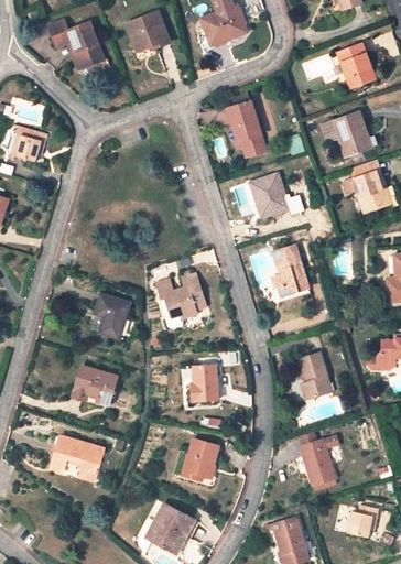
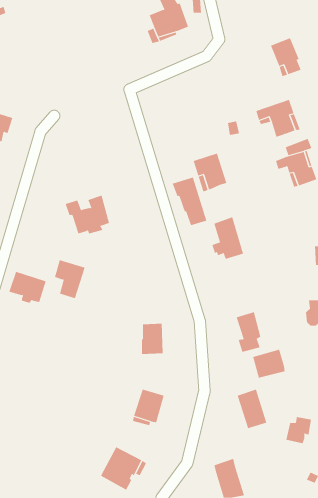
building: [126,11,169,52] -> none
building: [47,19,104,69] -> none
building: [226,101,265,156] -> [172,177,207,226]
building: [155,274,206,318] -> [65,195,110,234]
building: [74,366,117,402] -> [9,271,47,304]
building: none -> [253,349,285,378]
building: [50,436,104,481] -> none
building: [347,506,377,536] -> [286,417,312,444]

